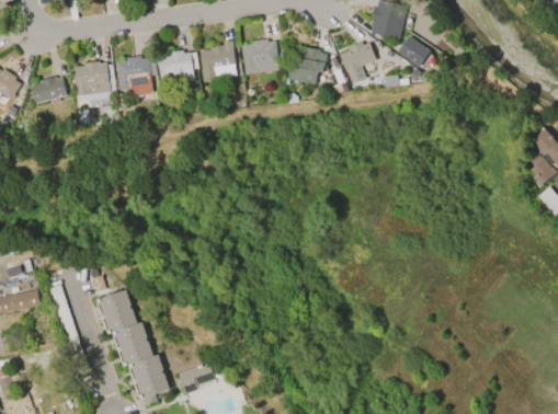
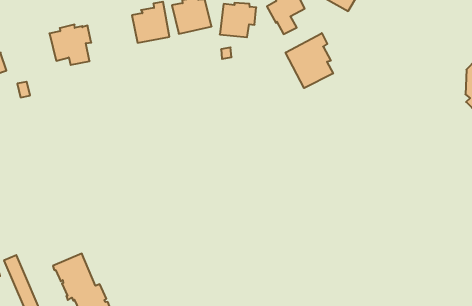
building: [157,50,197,85] -> none
building: [72,61,115,107] -> none
building: none -> [286,33,333,88]

